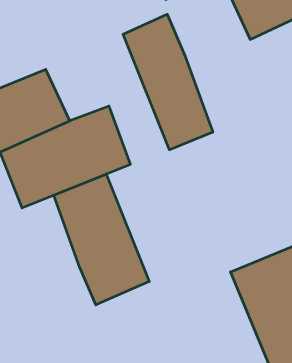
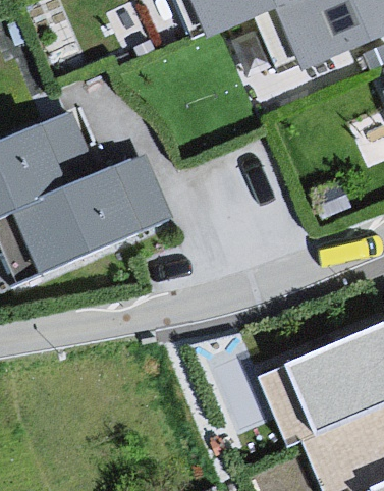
building: [123,14,213,150] -> none
building: [54,174,149,305] -> none

